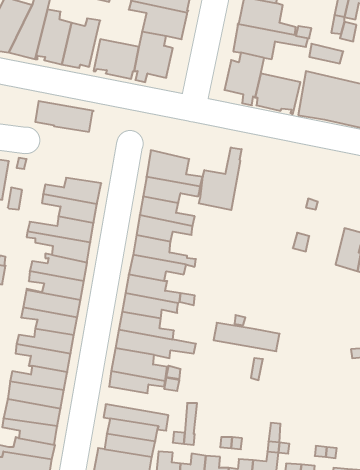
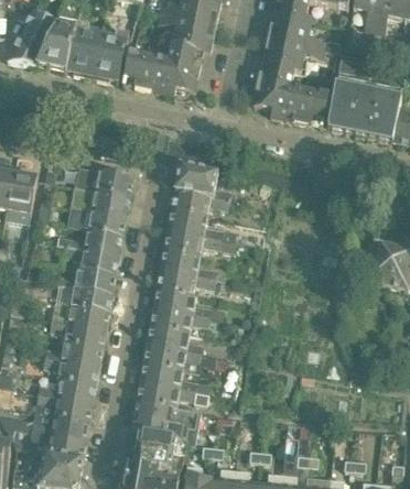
building: [35,101,94,132] -> [76,164,134,195]
building: [199,147,242,210] -> none
building: [214,323,280,351] -> [134,399,201,427]

